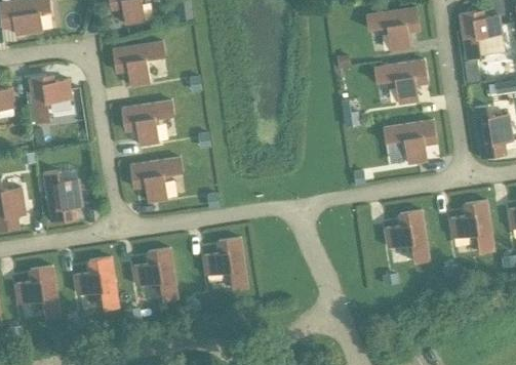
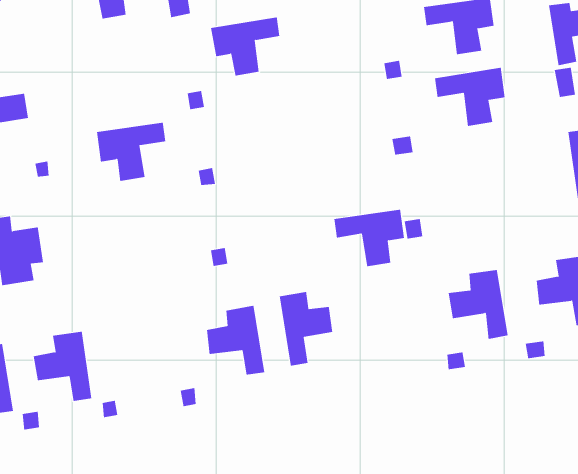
building: [113,42,165,86] -> [210,17,280,76]
building: [384,121,437,164] -> [334,209,405,267]
building: [130,158,183,202] -> none
building: none -> [279,291,333,366]
building: [133,249,177,300] -> none

